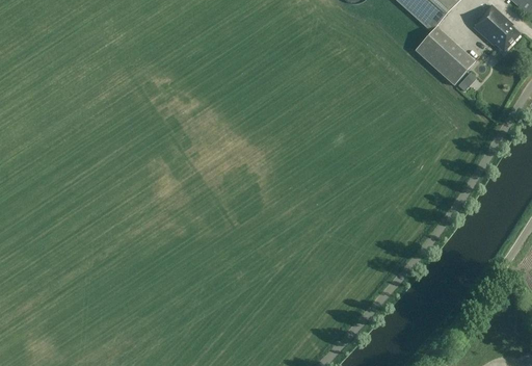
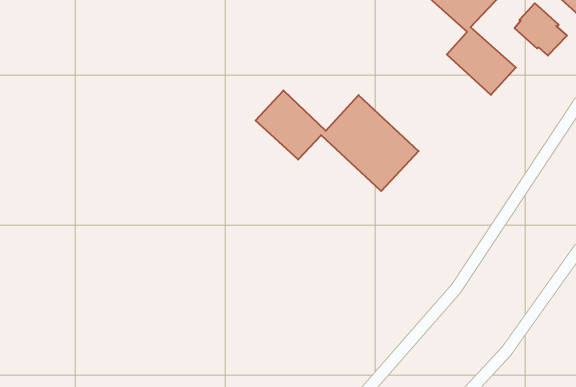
building: none -> [256,90,419,191]

